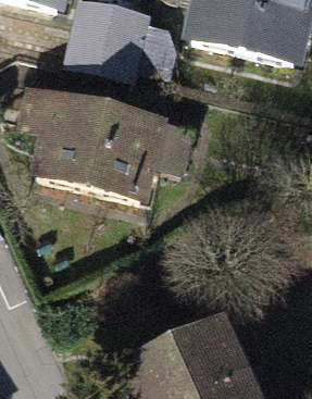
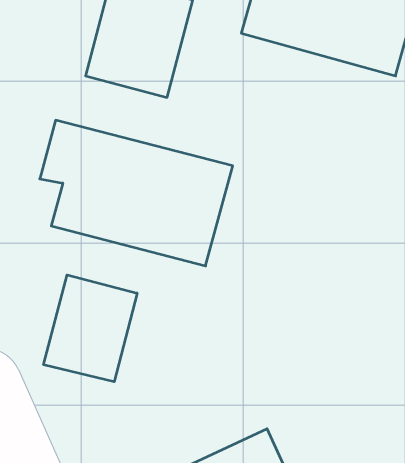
building: none -> [44,275,137,382]

